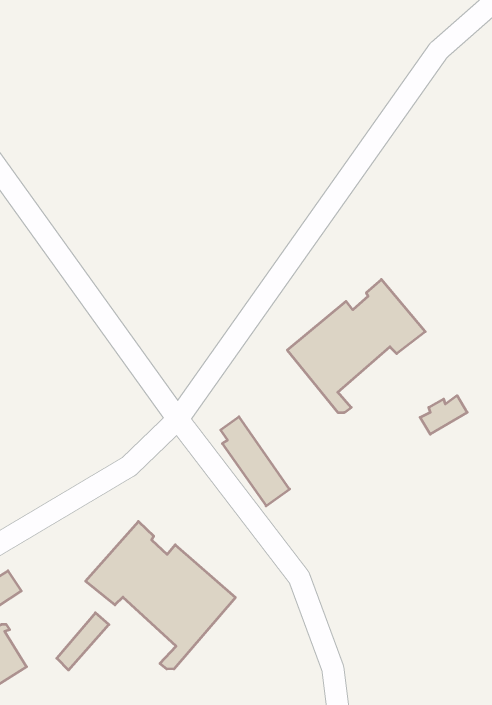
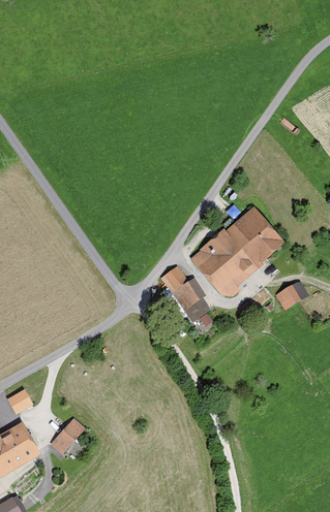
building: [221,417,290,506] -> [166,266,208,321]
building: [86,521,235,669] -> none

